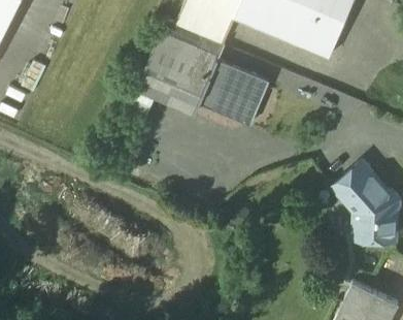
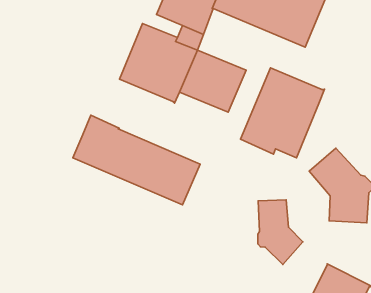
building: none -> [240,68,324,158]
building: none -> [73,115,200,205]
building: none -> [258,200,303,264]

